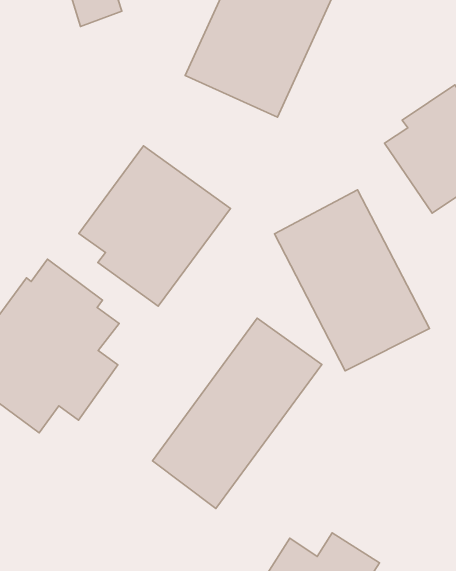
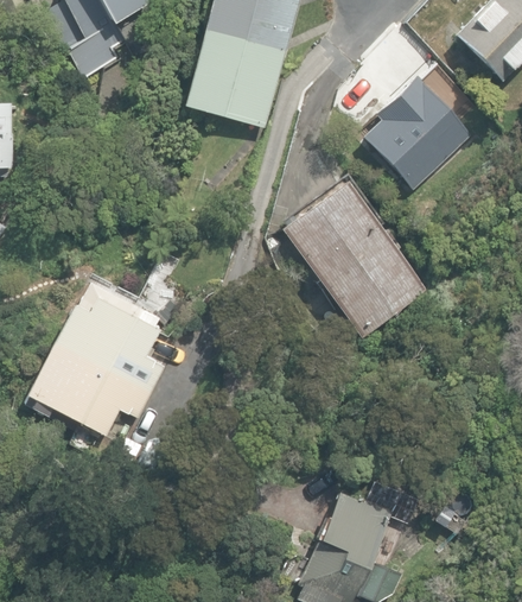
building: [79,146,230,306] -> none
building: [153,318,322,509] -> none

